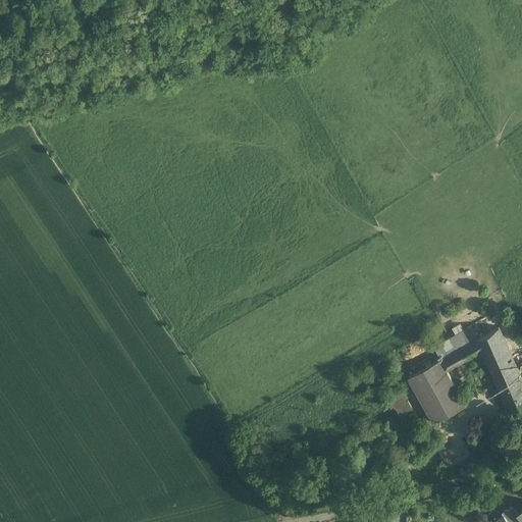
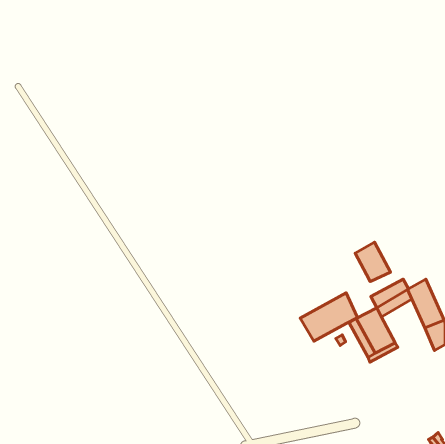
building: none -> [355,242,391,281]
building: none -> [300,293,357,341]

